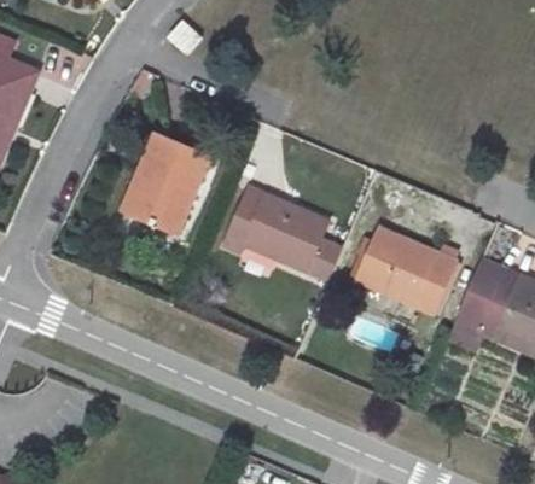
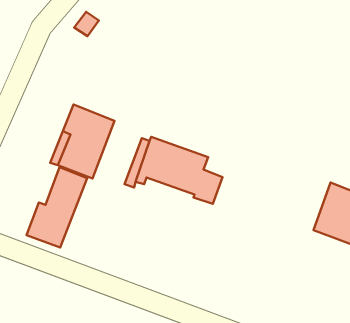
building: none -> [27,167,87,248]
building: [364,231,457,311] -> none

